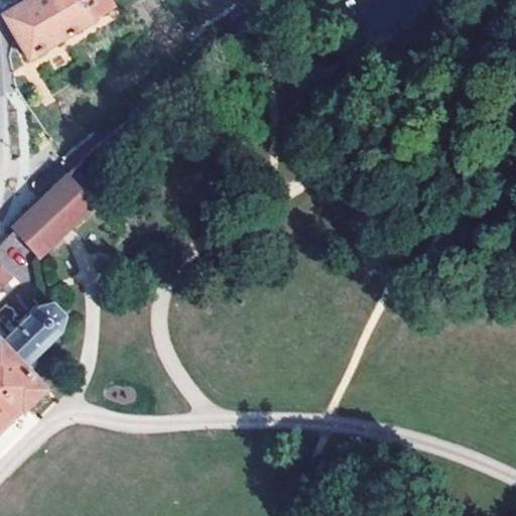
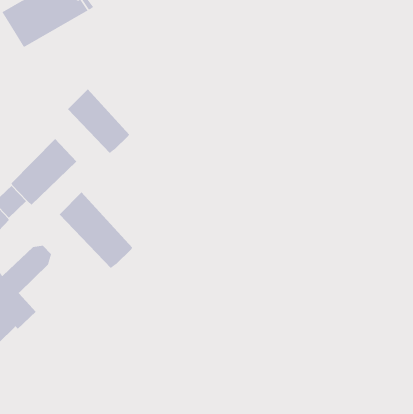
building: none -> [67,88,130,154]
building: none -> [59,192,133,269]

